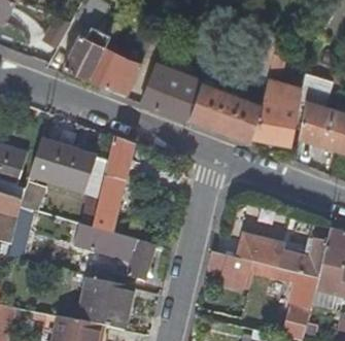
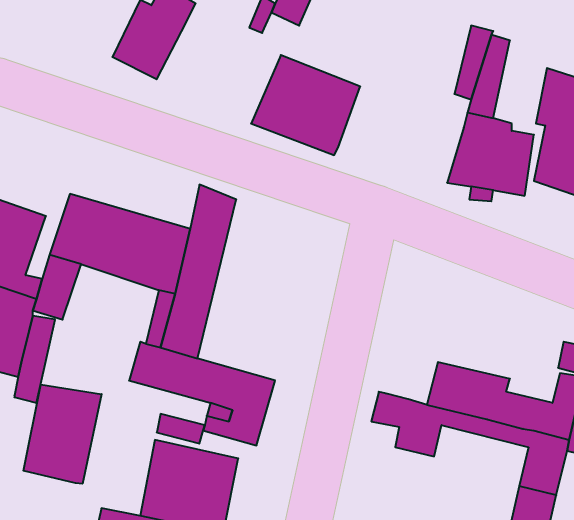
building: [89,45,142,92] -> none
building: [189,81,260,138] -> none
building: none -> [23,384,102,484]

